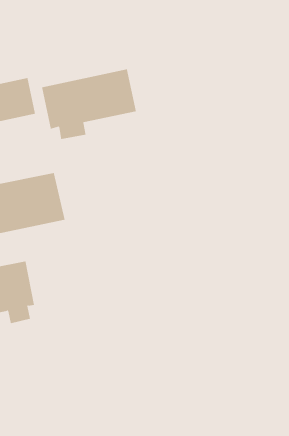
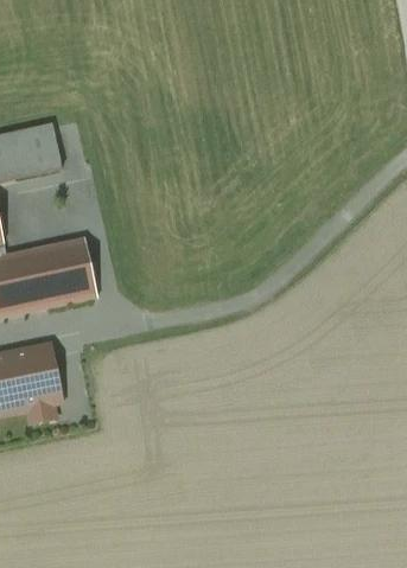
building: [42,68,136,140] -> none

